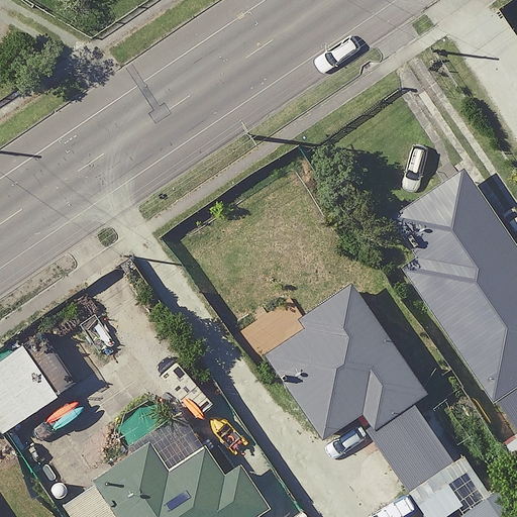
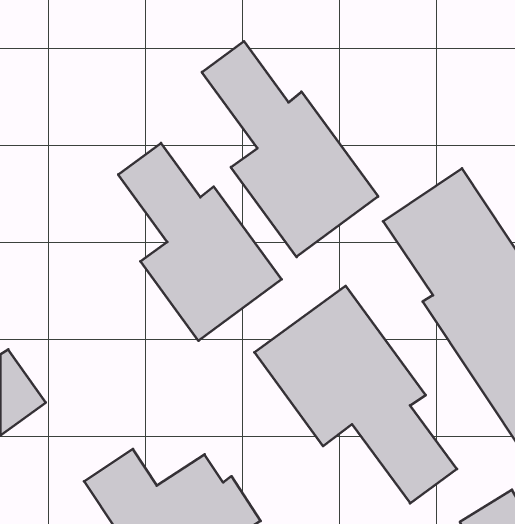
building: none -> [202,41,378,257]
building: none -> [118,143,282,341]

